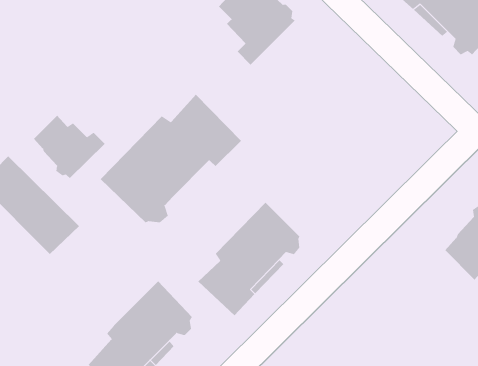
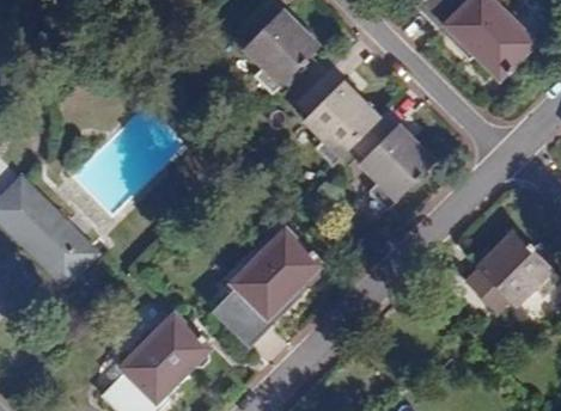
building: none -> [295,68,433,209]
building: [100,94,242,223] -> none
building: [33,115,106,179] -> none

